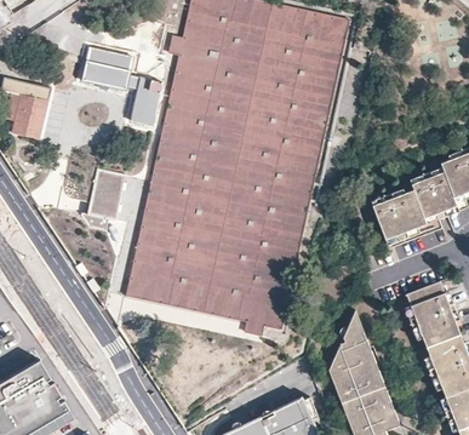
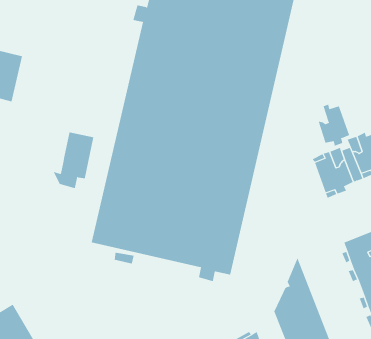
building: [80,47,162,125] -> none
building: none -> [318,104,350,147]

